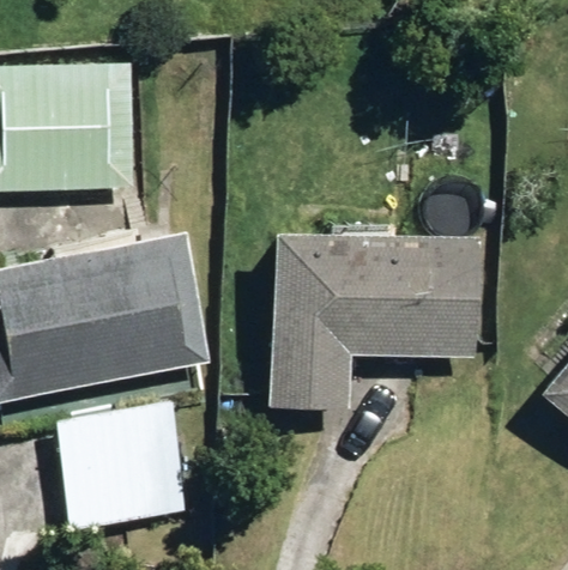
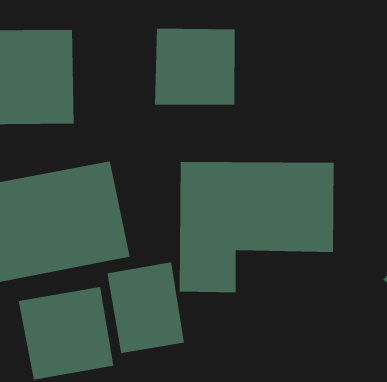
building: none -> [154,28,235,106]
building: none -> [107,262,185,354]

